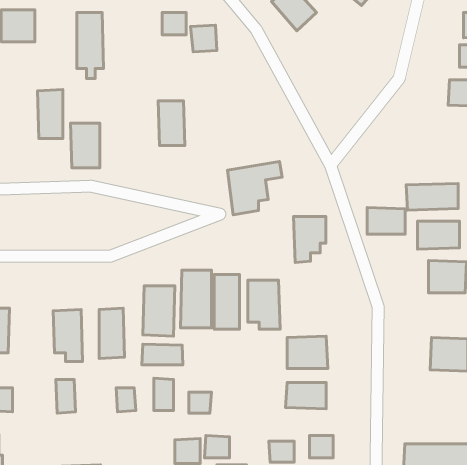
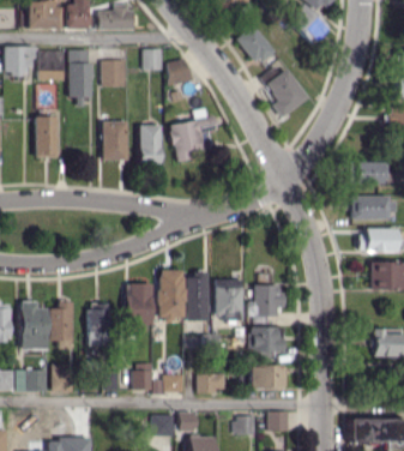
building: none -> [40,50,65,79]
building: none -> [103,60,126,86]
building: none -> [265,68,308,118]
building: [71,123,100,168] -> [102,121,127,160]
building: [228,162,282,215] -> [170,116,217,162]
building: [367,207,405,234] -> [349,161,381,184]
building: [294,216,326,263] -> [255,284,283,324]
building: none -> [20,301,48,349]
building: [142,344,183,365] -> none
building: none -> [16,369,48,392]
building: none -> [198,373,227,392]

